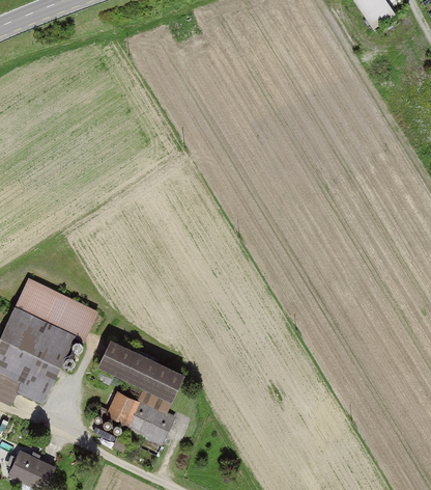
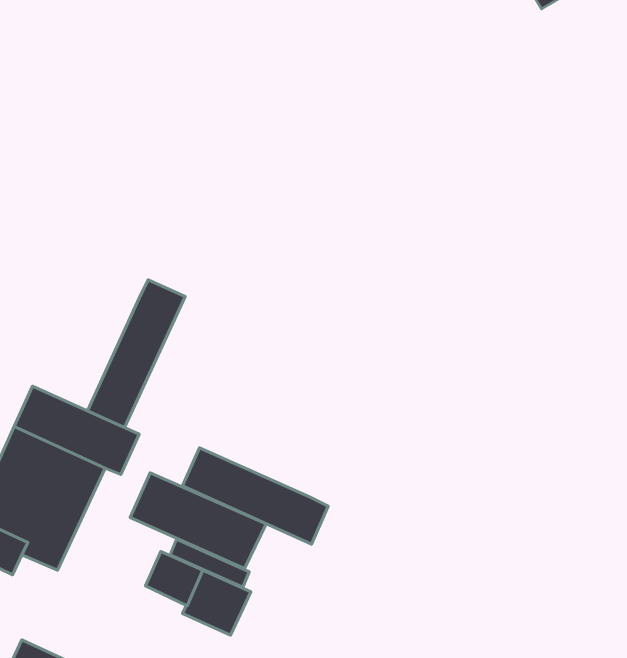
building: none -> [88,280,185,427]
building: none -> [183,448,328,544]

